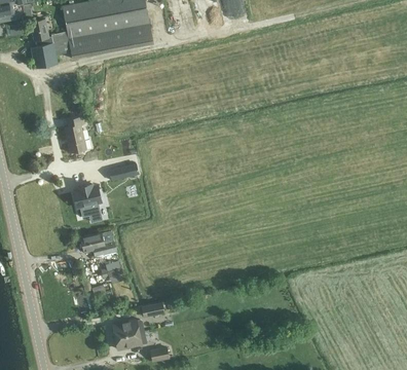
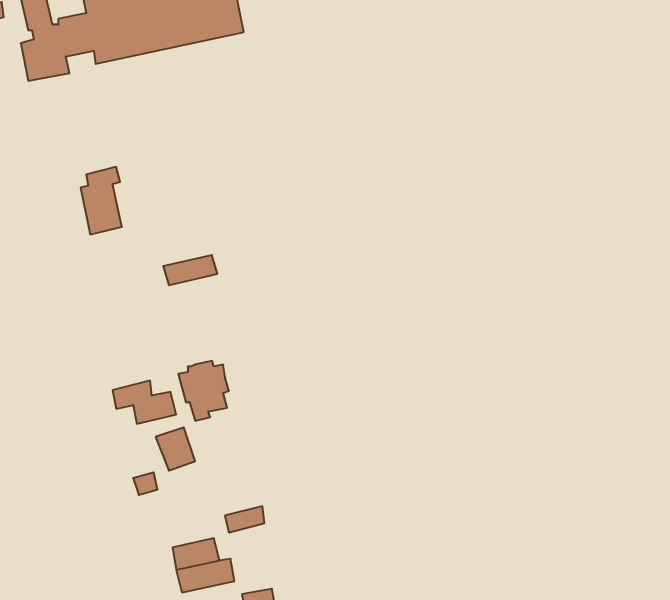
building: [73,184,101,217] -> [178,361,229,421]

